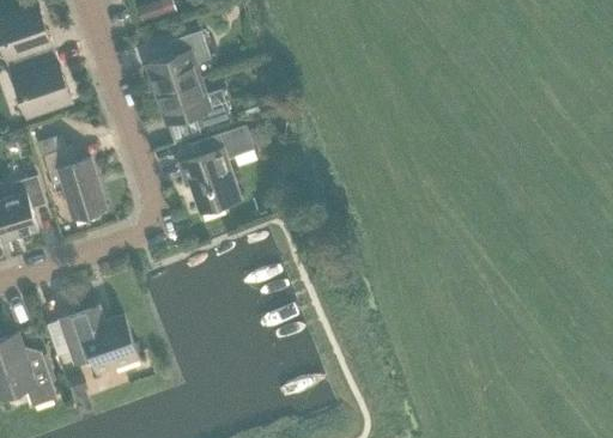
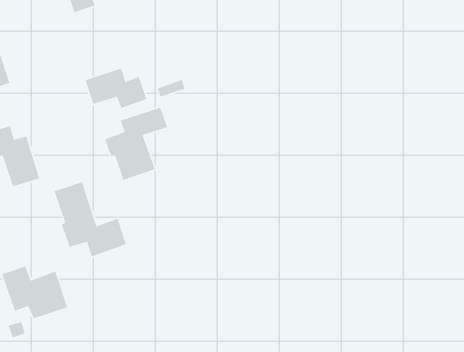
building: [146,31,210,95] -> none
building: none -> [54,181,127,257]

